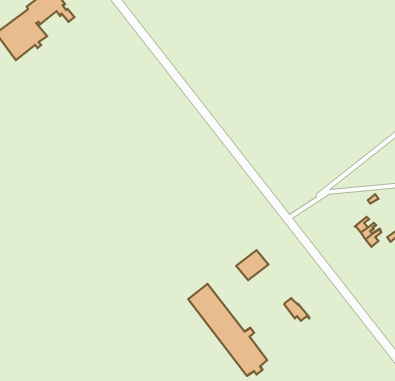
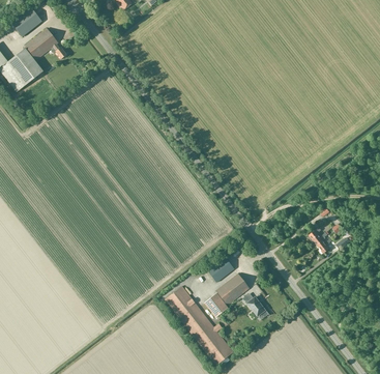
building: none -> [204,272,249,317]

